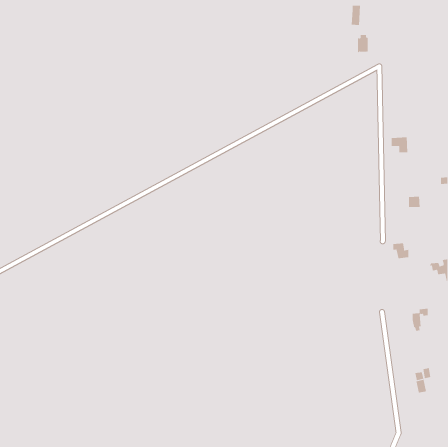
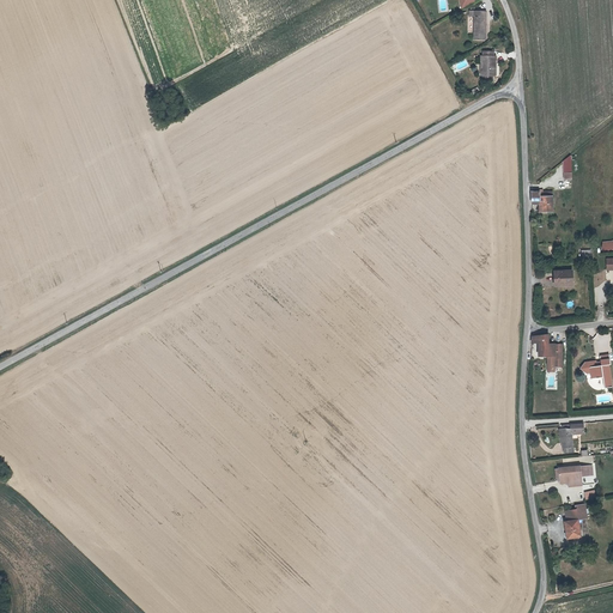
building: none -> [558,463,593,490]

